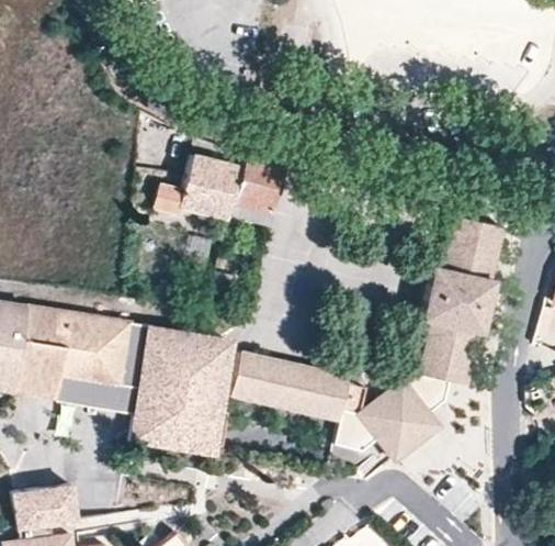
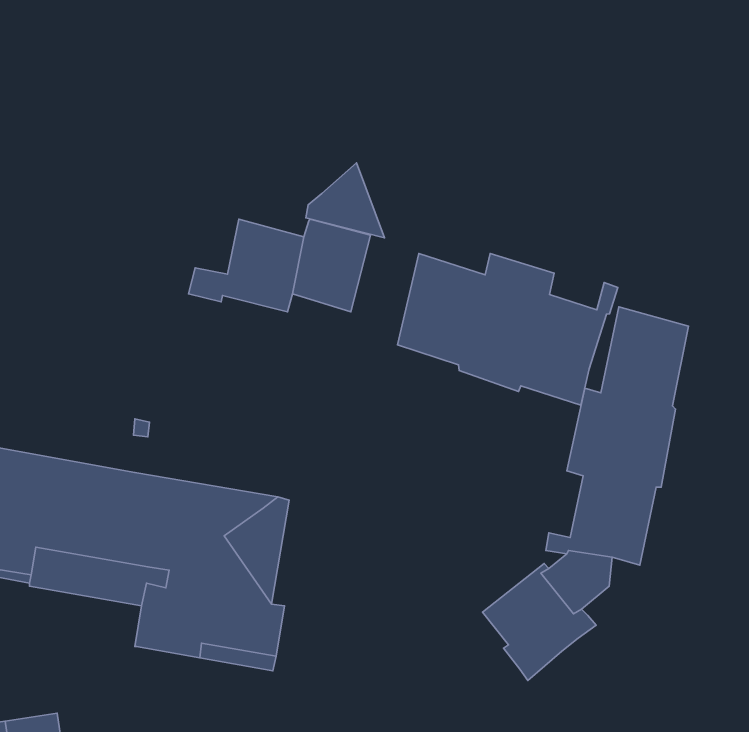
building: none -> [306,163,384,238]
building: none -> [397,253,618,405]
building: [229,355,377,453] -> none

